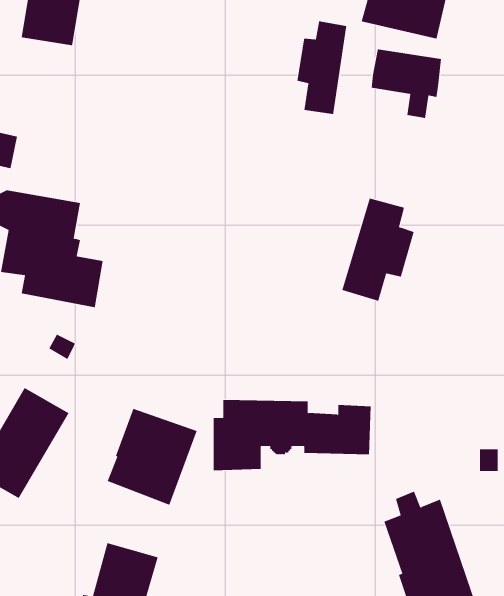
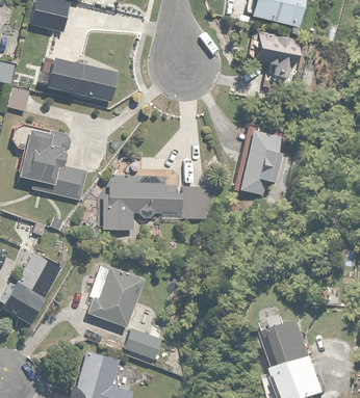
building: [297,21,347,115] -> none
building: none -> [36,55,117,101]
building: [213,400,372,471] -> [102,182,204,228]
building: none -> [123,329,163,366]

